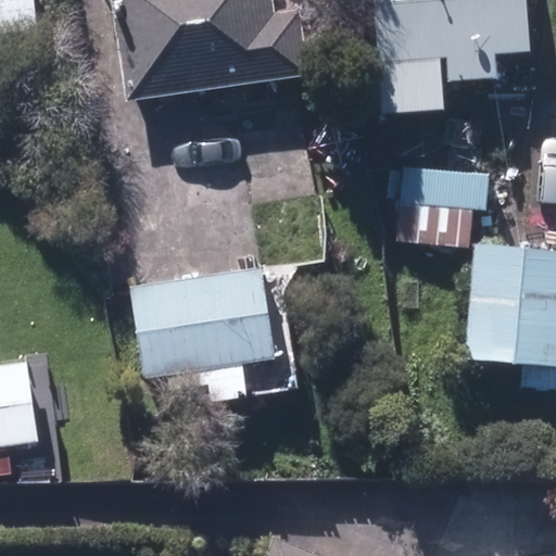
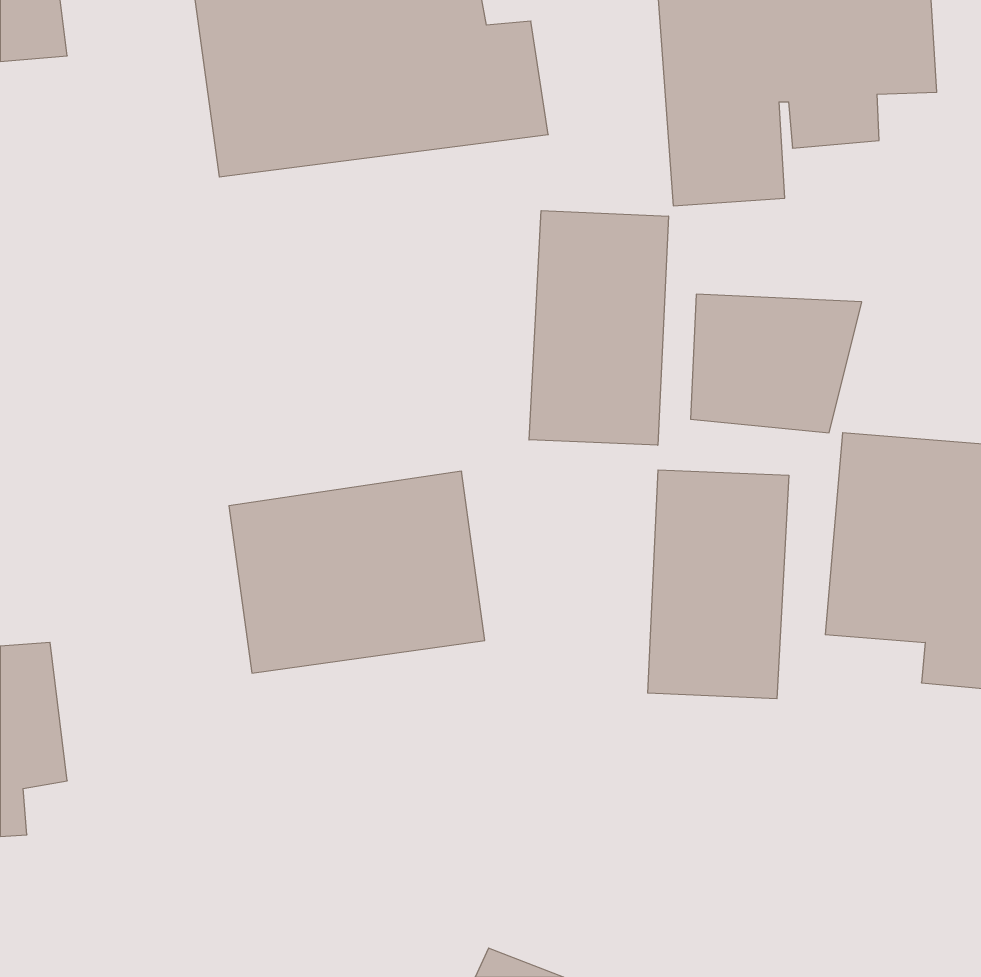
building: none -> [529,211,668,445]
building: none -> [648,470,789,699]

